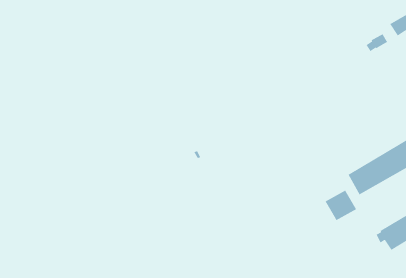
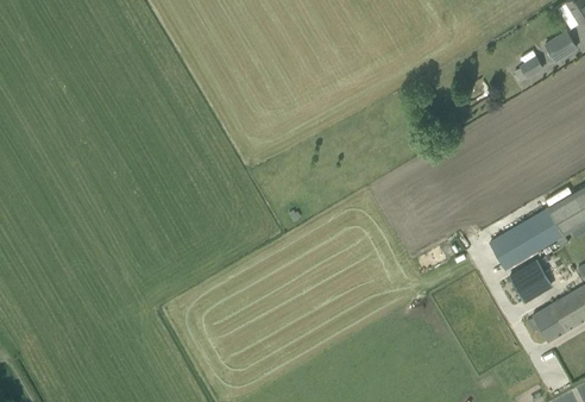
building: [325,189,357,221] -> [509,260,552,302]

